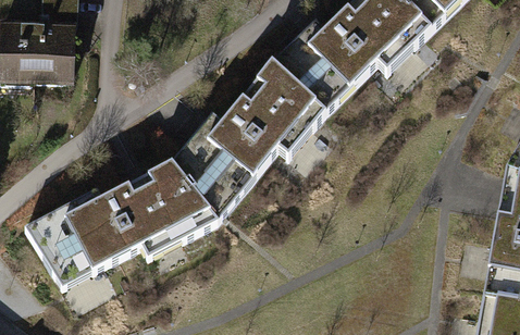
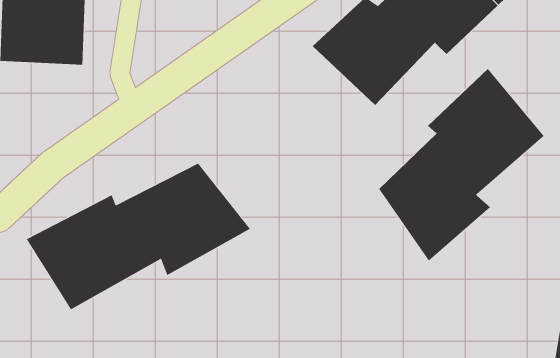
building: [172,65,323,222] -> none
building: none -> [379,68,545,262]

